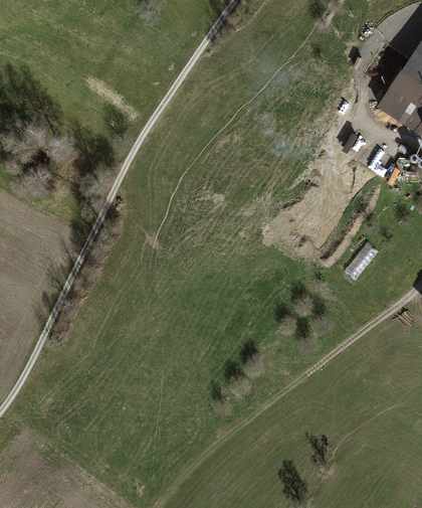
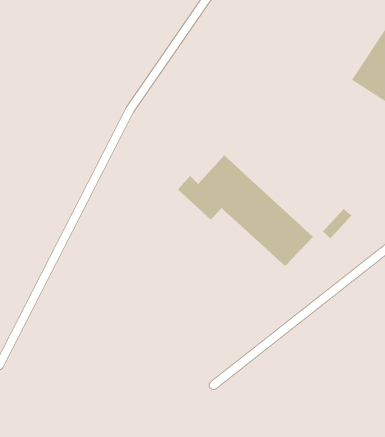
building: none -> [177,154,314,267]

